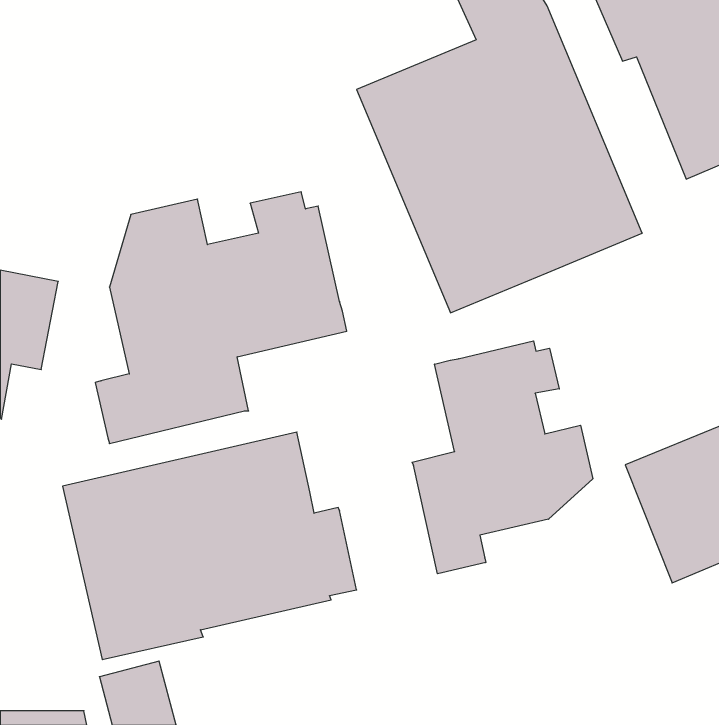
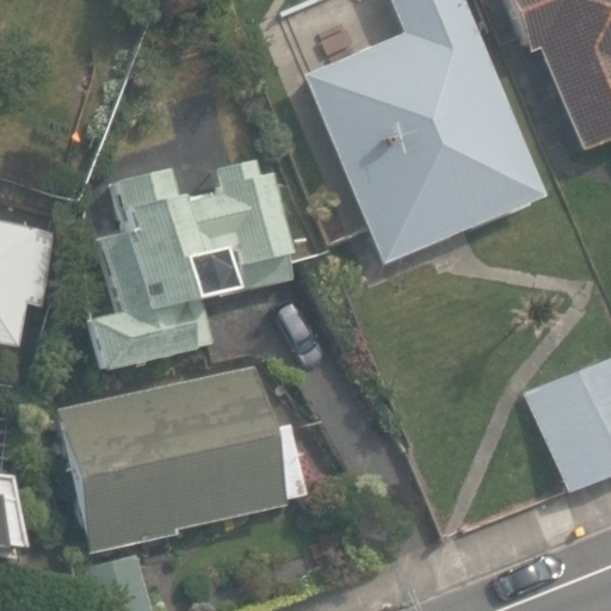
building: [412,341,593,574] -> none

